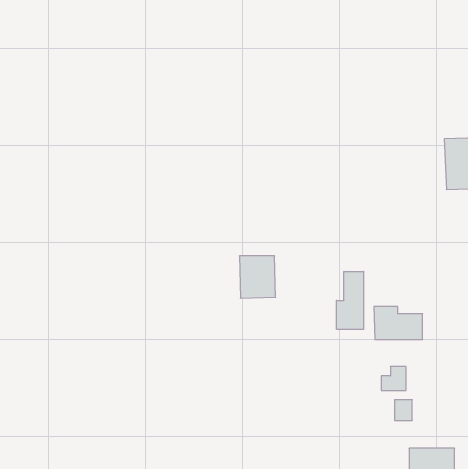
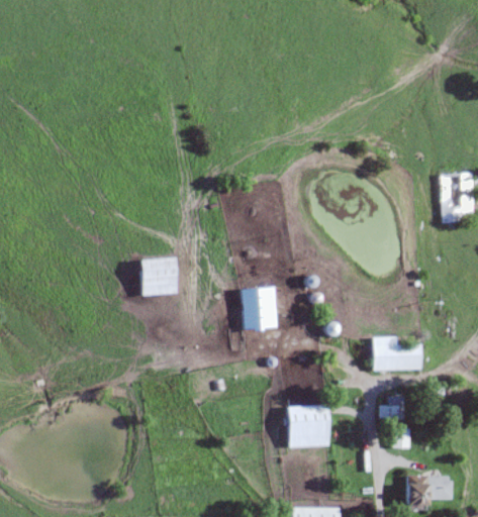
building: none -> [140,257,177,295]
building: [337,271,364,329] -> none
building: none -> [287,405,329,447]

